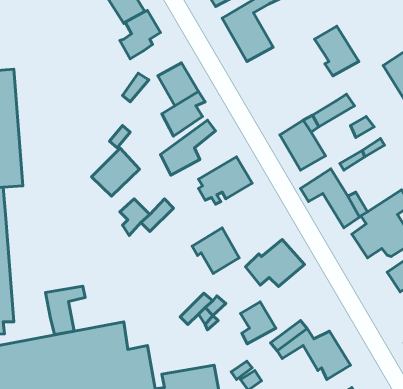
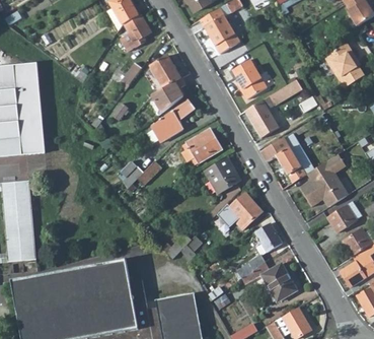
building: [314,26,359,76] -> [231,60,266,98]
building: [92,148,140,196] -> none
building: [192,228,239,274] -> [204,156,240,192]
building: [46,286,85,334] -> none
building: [240,302,276,344] -> [254,222,282,255]

